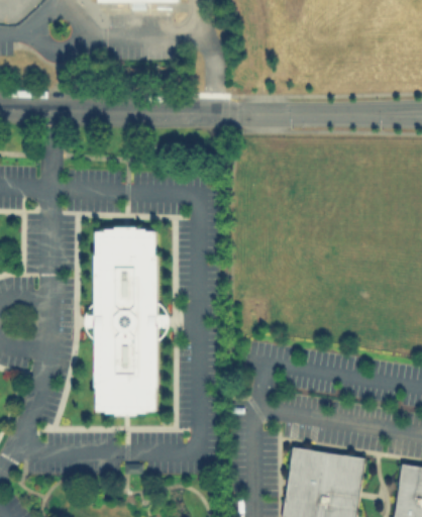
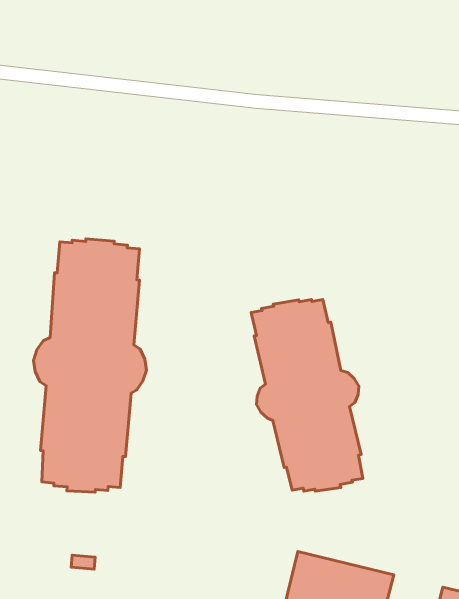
building: none -> [251,299,363,491]

